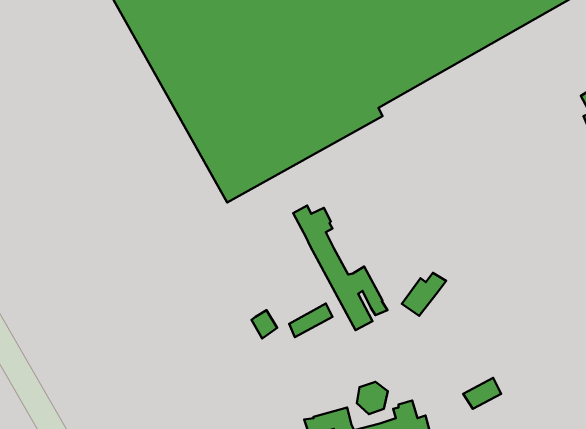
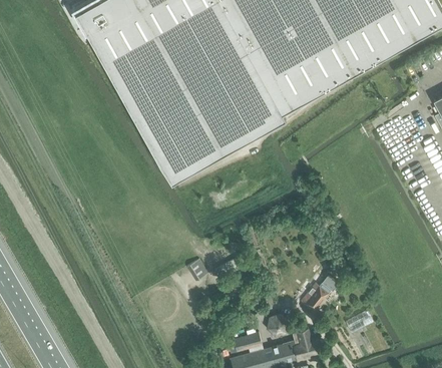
building: [293,205,387,330] -> none
building: [402,273,446,316] -> [302,279,335,311]

